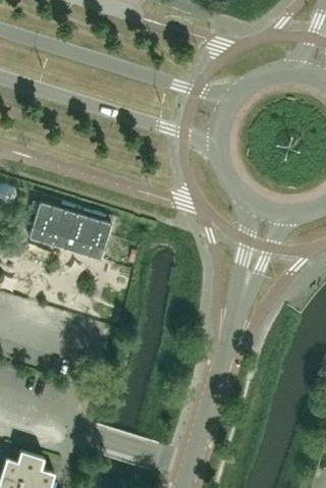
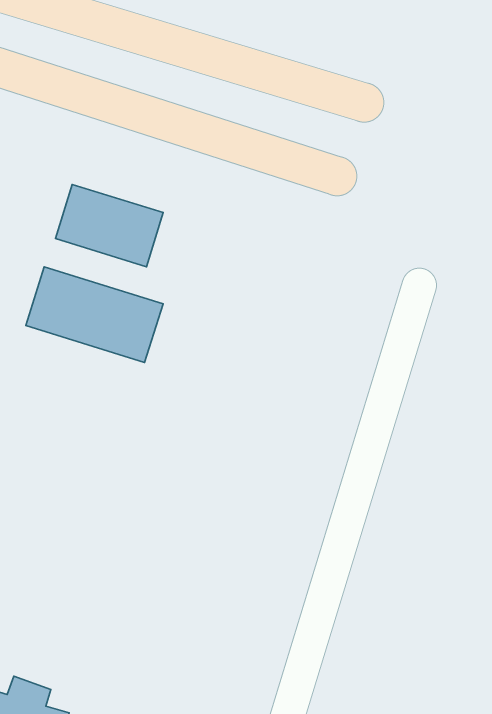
building: none -> [55,184,163,267]

